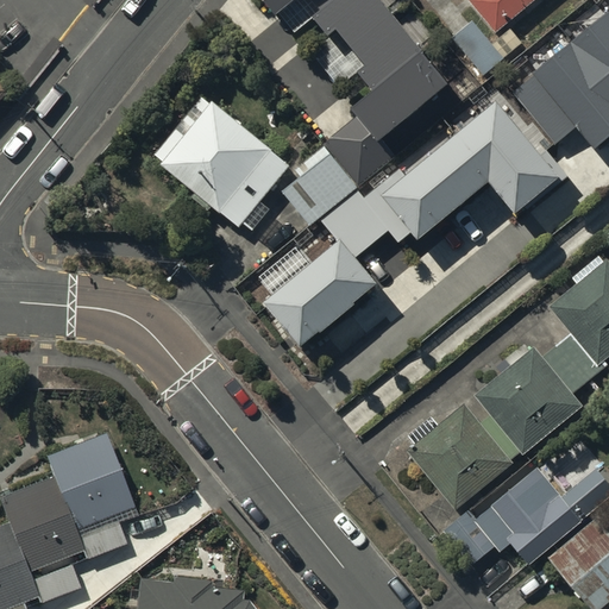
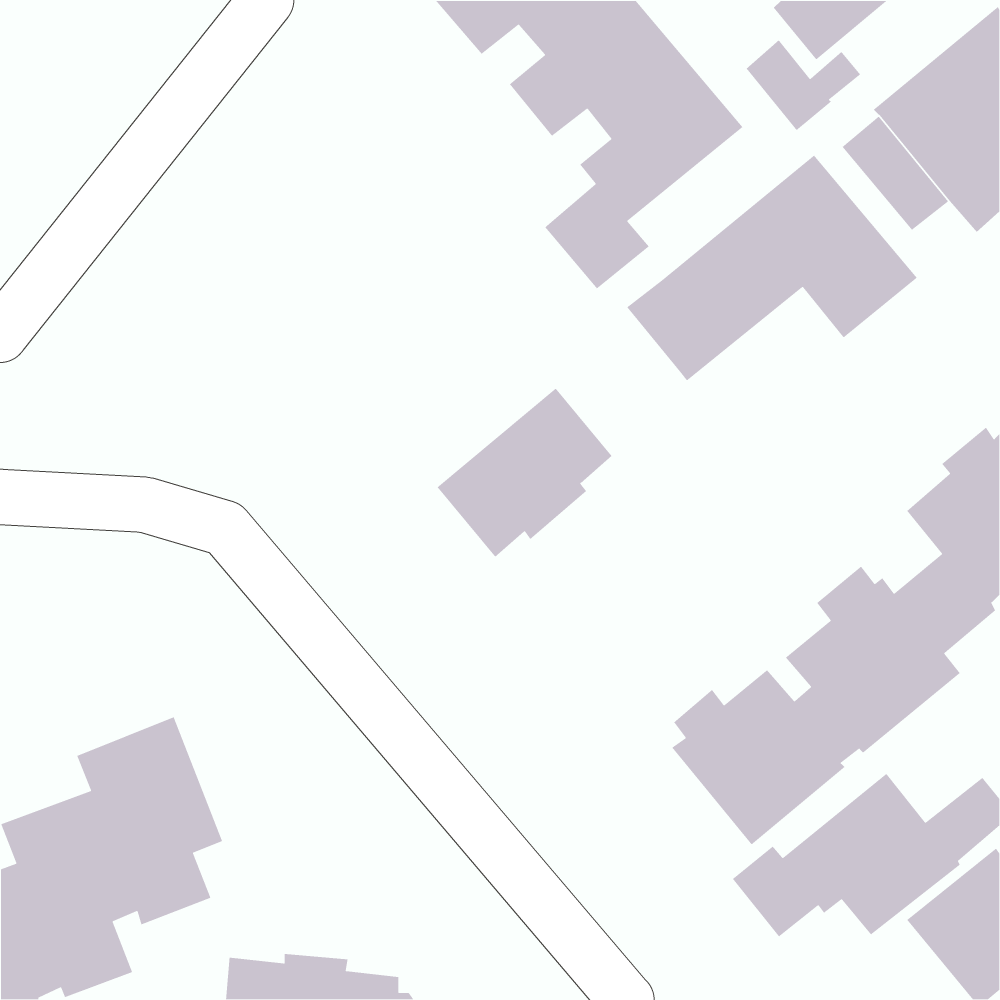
building: [152,98,289,226] -> none
building: [283,143,354,218] -> none
building: [322,165,413,257] -> none

